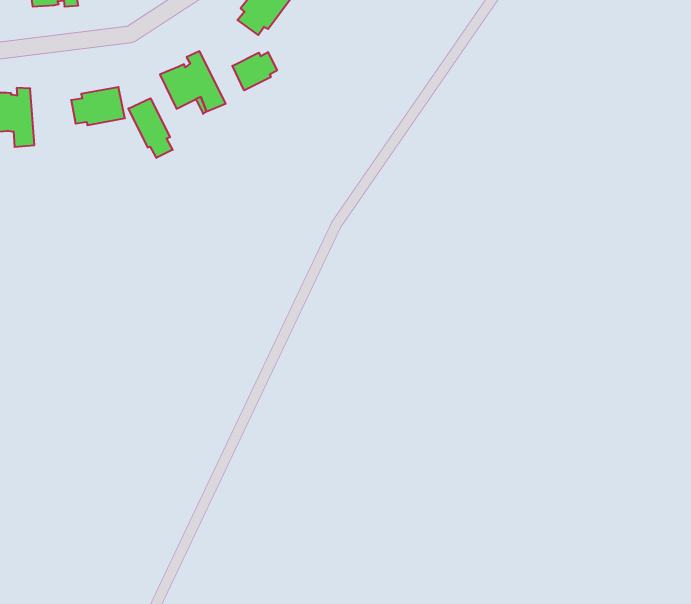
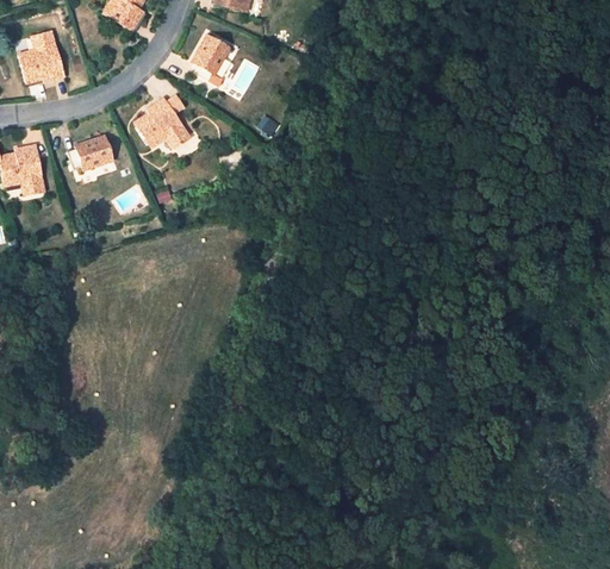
building: [232,52,277,90] -> none
building: [128,98,173,158] -> none

